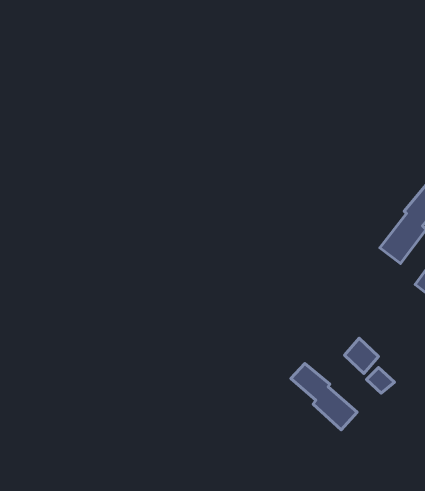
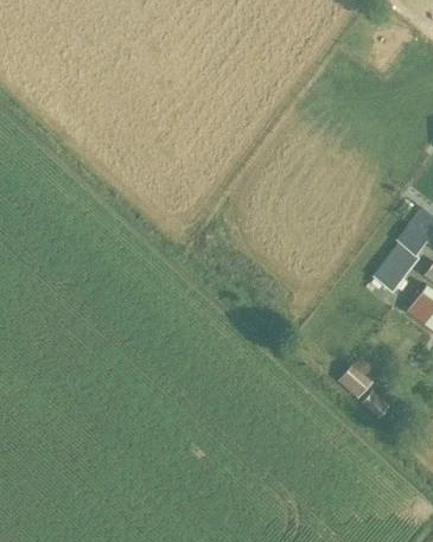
building: [291,363,357,430] -> none

